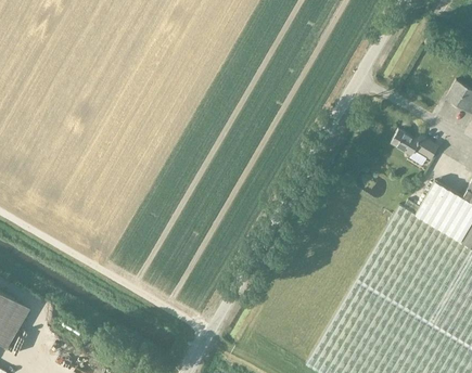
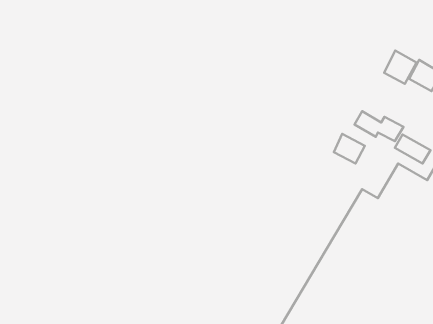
building: none -> [384,50,417,84]
building: none -> [334,134,365,163]

